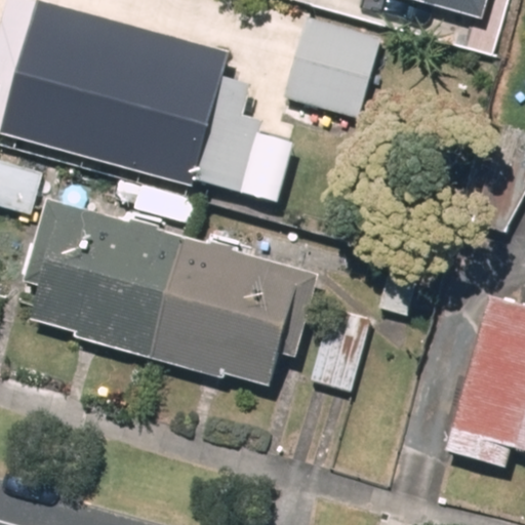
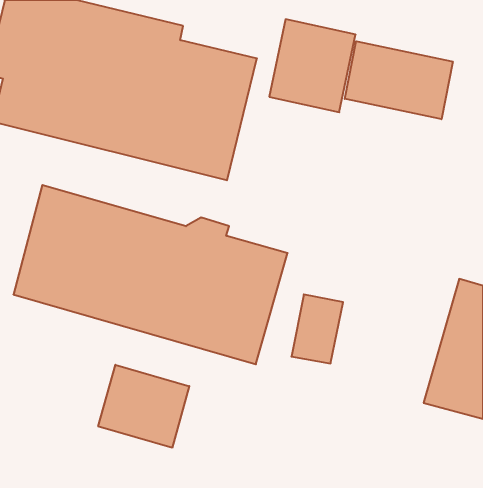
building: none -> [345,41,453,119]
building: none -> [98,365,189,448]

